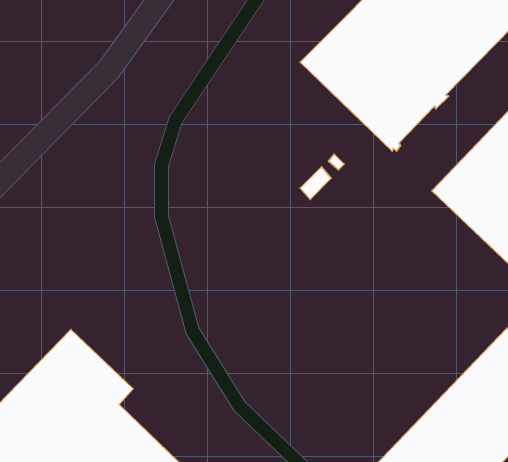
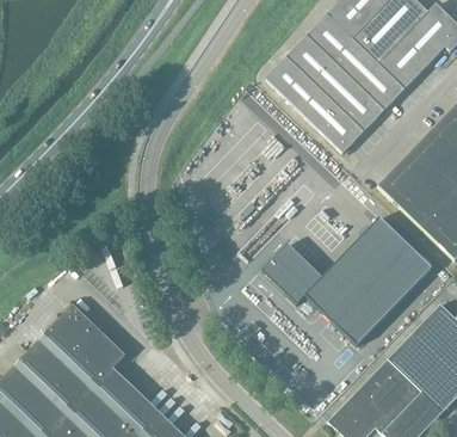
building: none -> [261,217,431,345]

